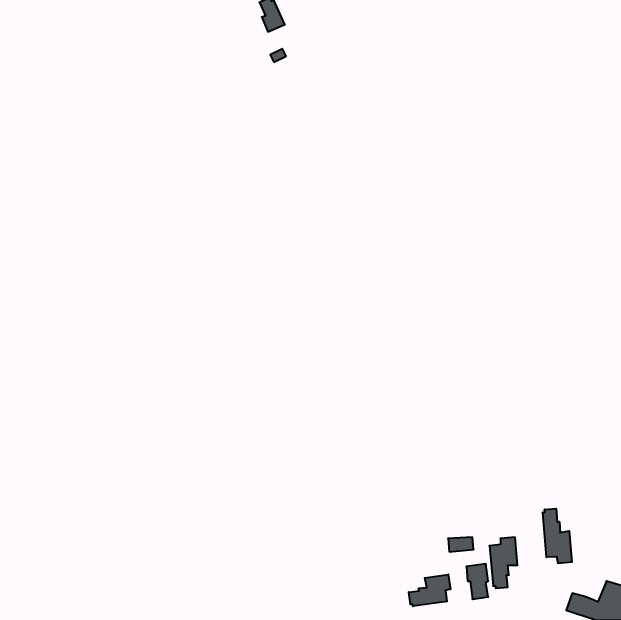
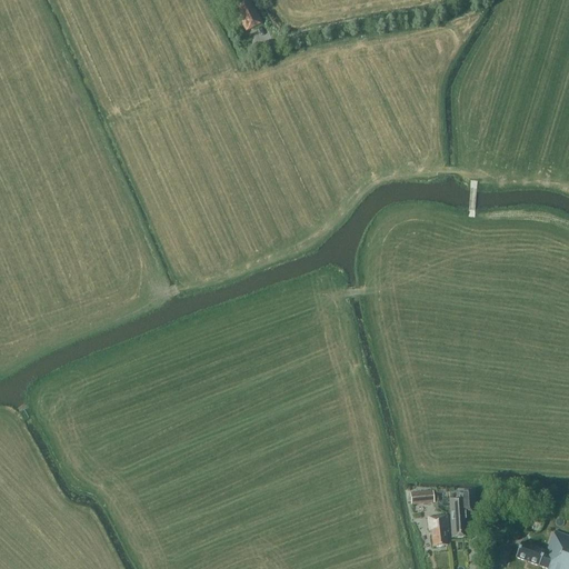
building: [543,509,572,563] -> none
building: [409,574,450,606] -> none

